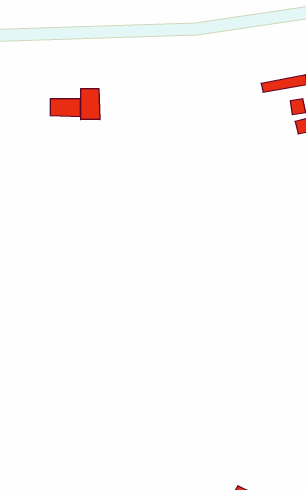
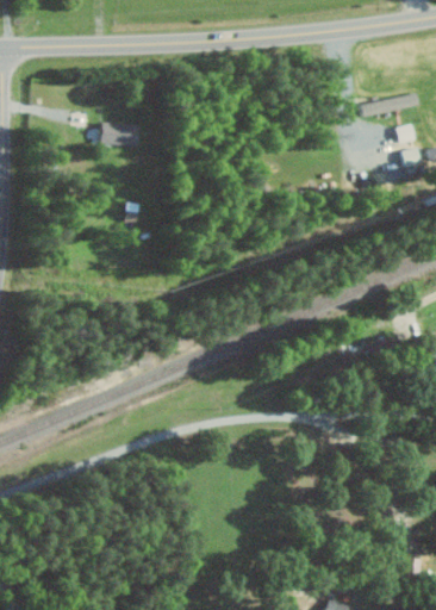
building: [81,89,100,120] -> none

